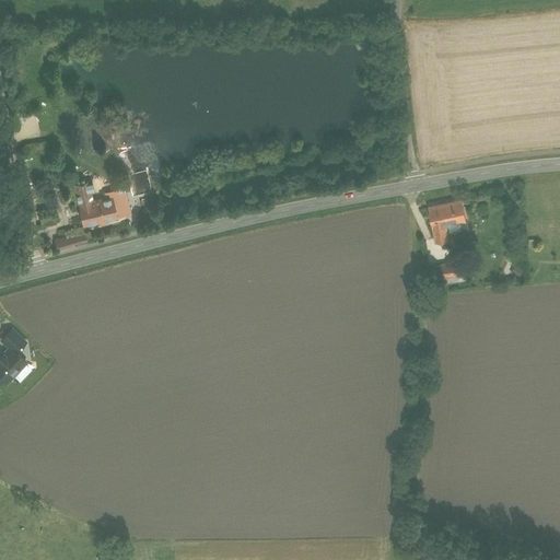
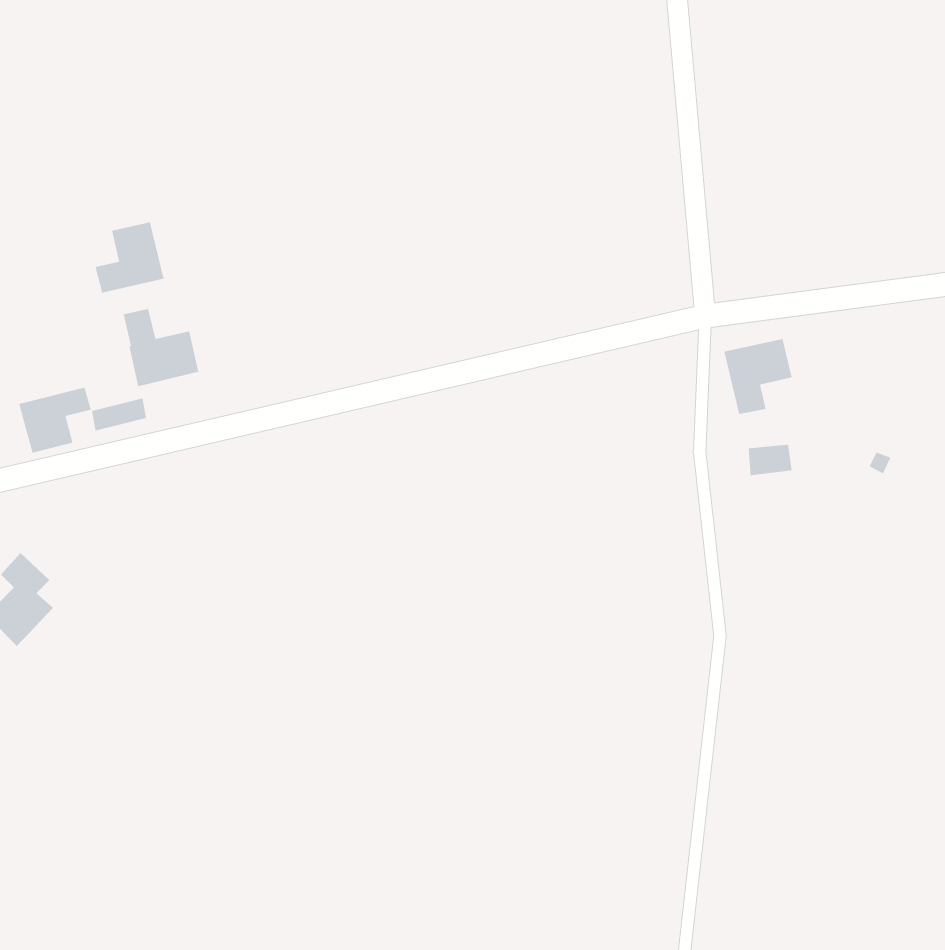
building: none -> [95,222,164,293]
building: none -> [19,387,92,453]

